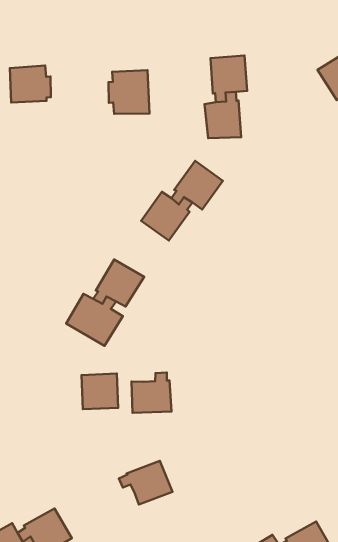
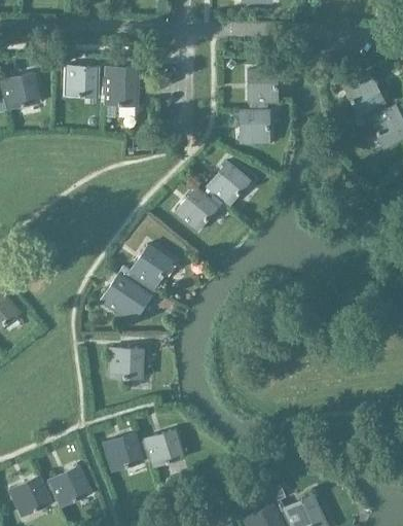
building: [108,70,150,114] -> [101,67,138,107]
building: [132,373,171,413] -> none
building: none -> [104,432,150,471]

